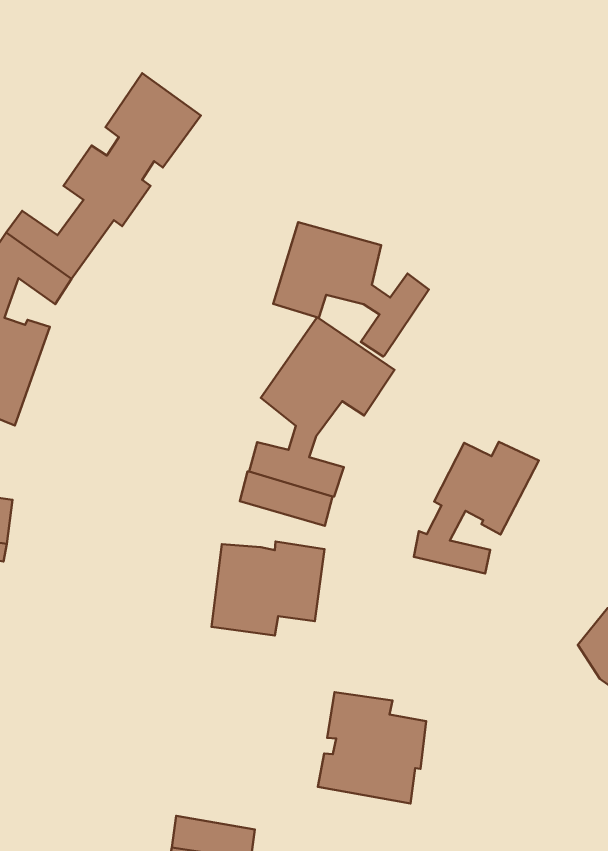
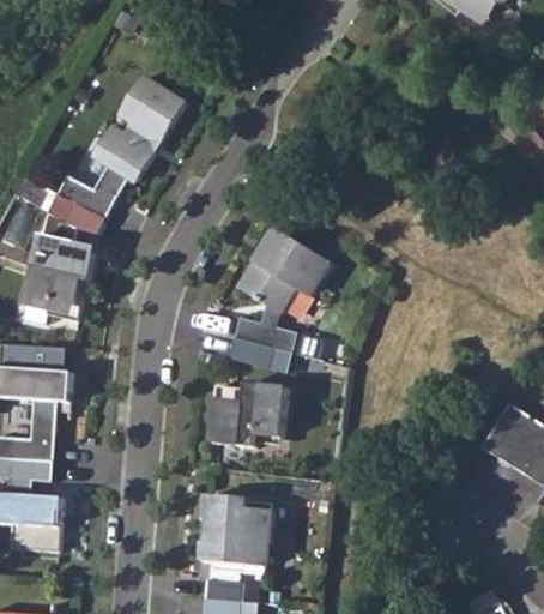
building: [273,222,429,357] -> none
building: [414,442,539,574] -> none
building: [318,692,426,803] -> [199,494,268,565]

